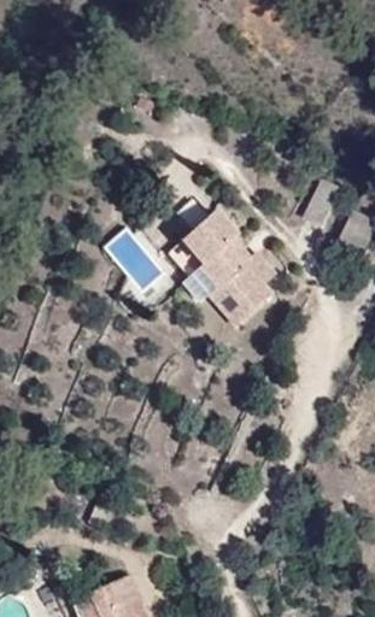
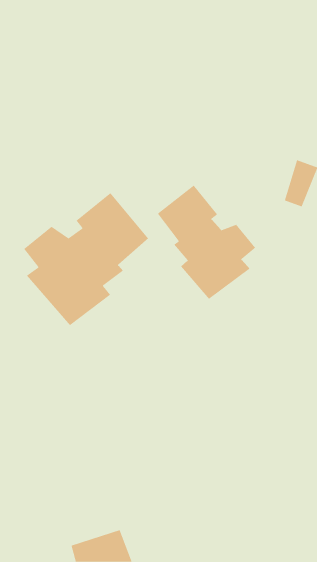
building: none -> [23,192,149,326]

